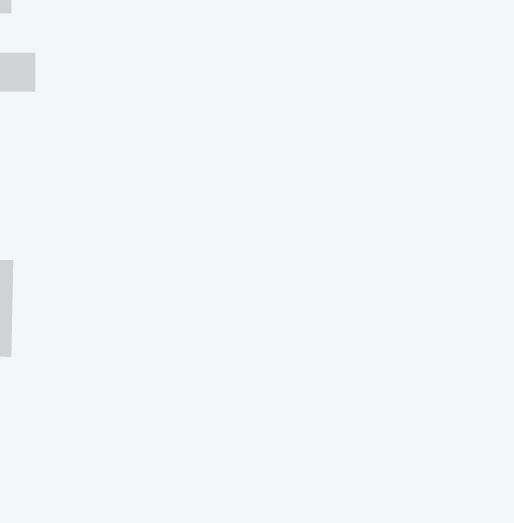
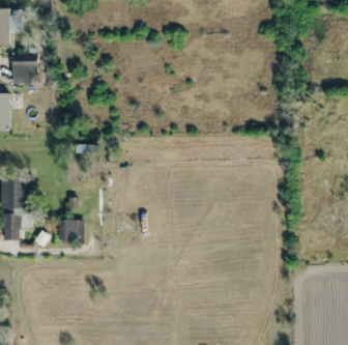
building: none -> [59,220,85,241]

